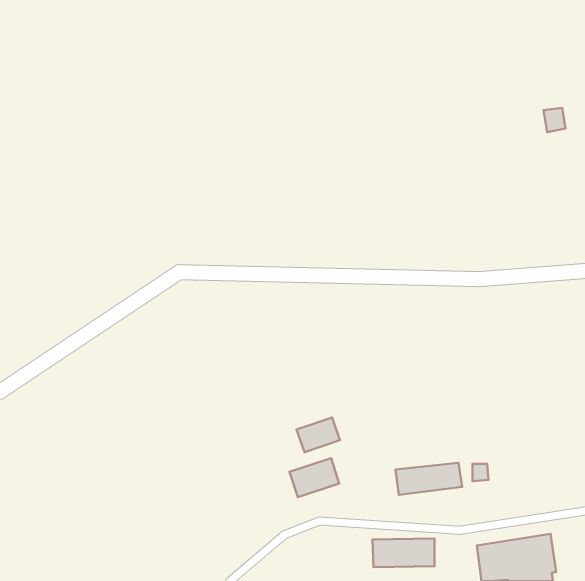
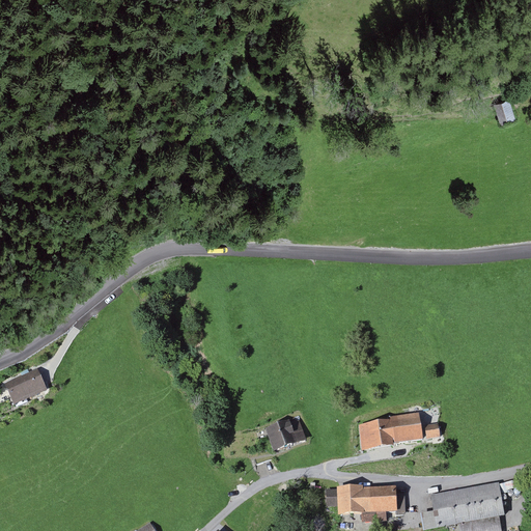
building: none -> [6,368,49,403]
building: [297,418,340,452] -> none

